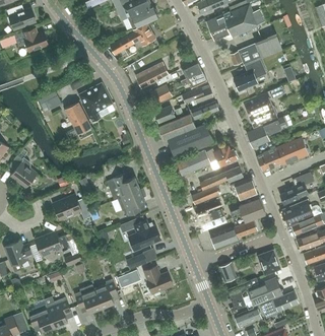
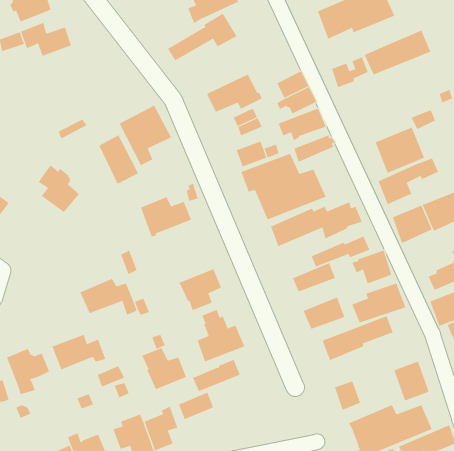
building: [232,58,266,91] -> none
building: [9,154,37,186] -> [38,165,80,213]
building: [107,174,140,200] -> [140,197,192,237]
building: [143,266,173,293] -> [142,348,187,390]

